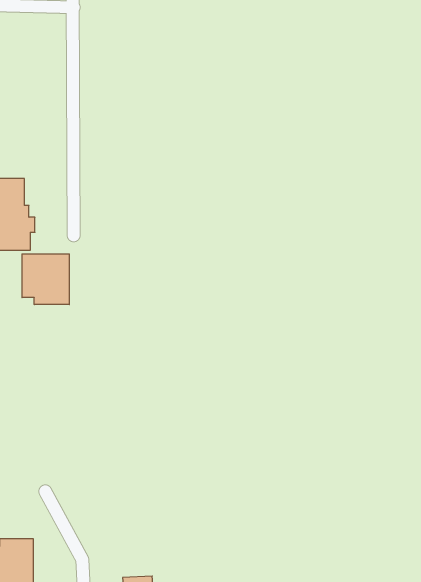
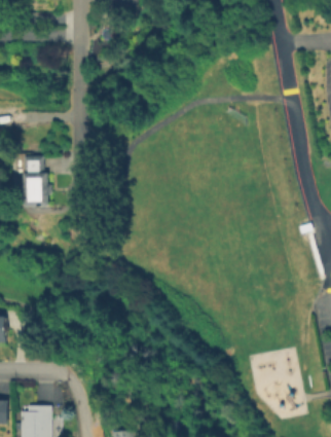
building: [22,254,69,305] -> none

